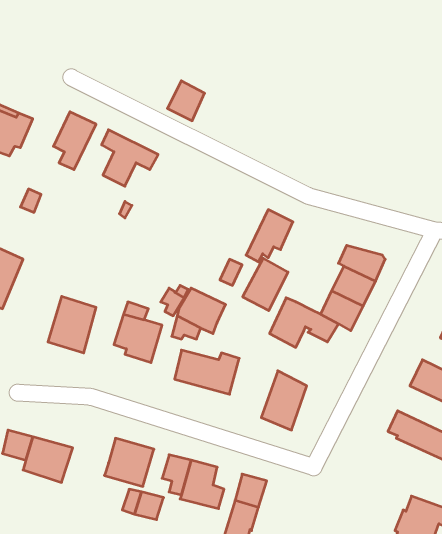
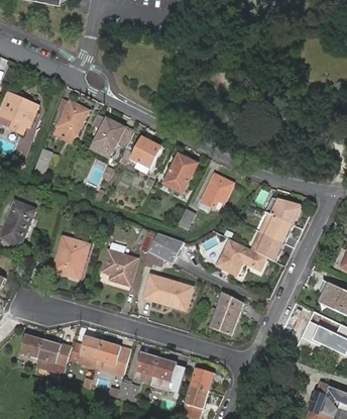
building: [167,81,205,121] -> [132,137,159,167]
building: [243,258,288,311] -> [163,153,197,192]
building: none -> [70,335,102,360]

